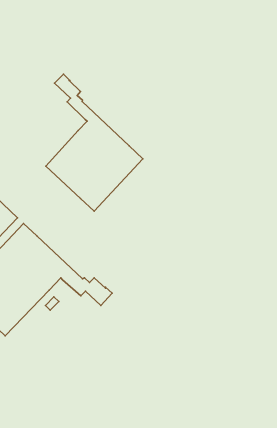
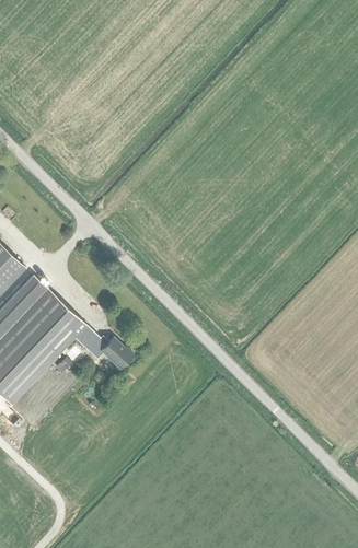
building: [46,74,143,211] -> none

